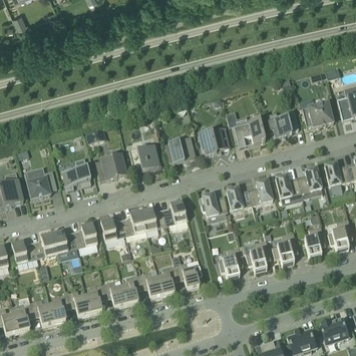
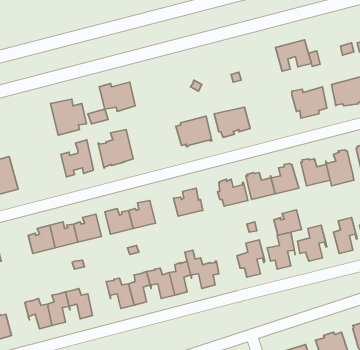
building: [233,118,265,146] -> [275,40,311,71]
building: [128,144,160,170] -> [99,82,135,112]
building: [24,166,56,199] -> [50,99,86,135]
building: [140,208,165,231] -> none
building: none -> [274,210,301,235]
building: [11,240,36,263] -> none
building: [85,283,105,313] -> none
building: [11,302,33,331] -> none

